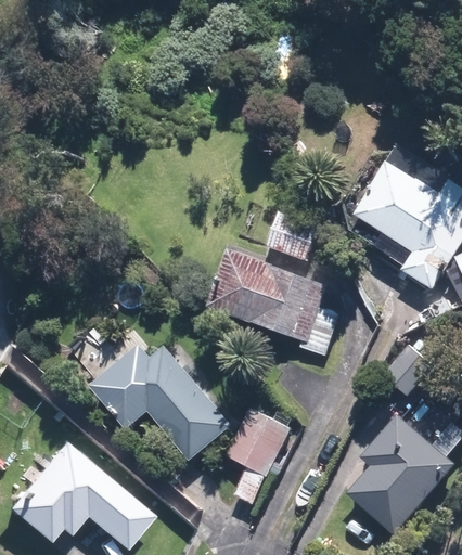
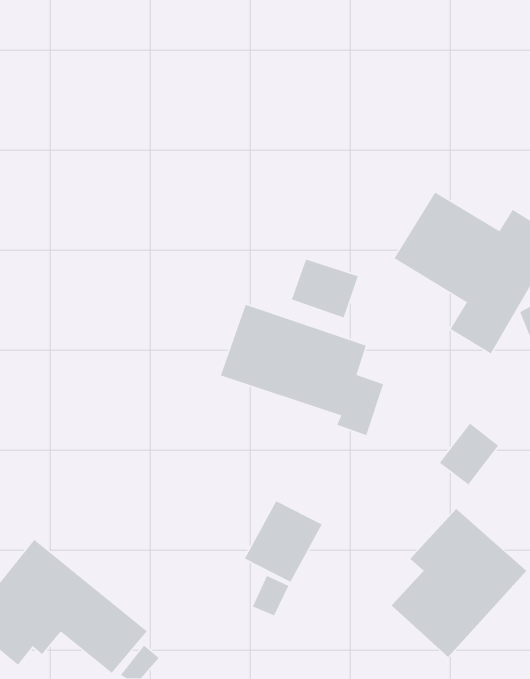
building: [91,344,233,460] -> none

